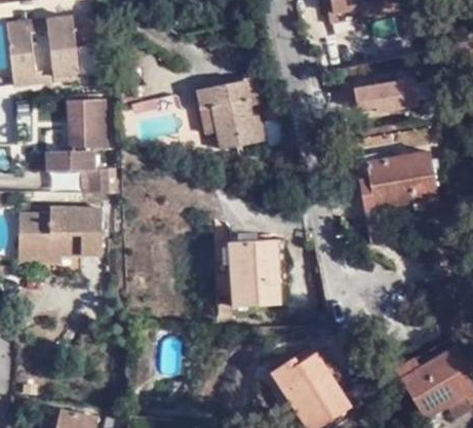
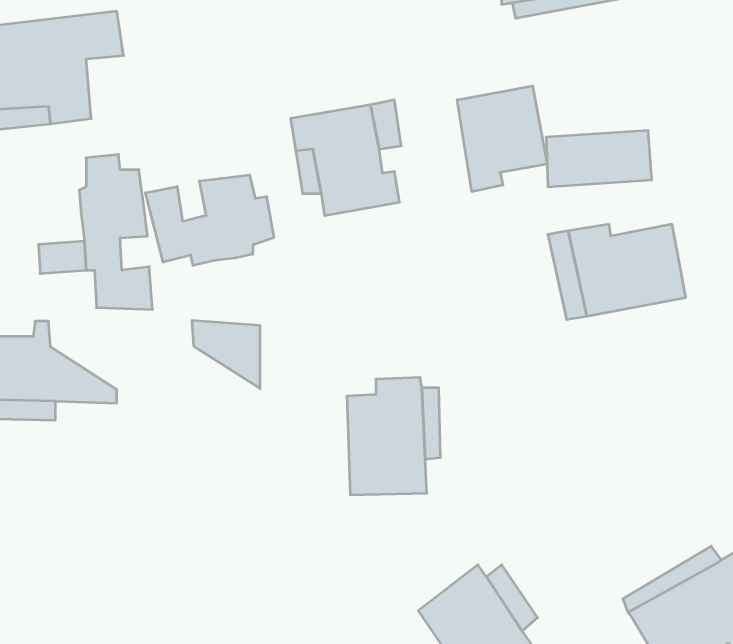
building: none -> [457,86,547,192]
building: none -> [145,175,274,266]
building: [51,204,92,245] -> [192,320,260,389]

